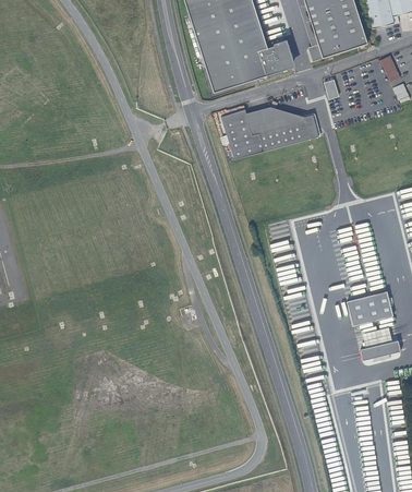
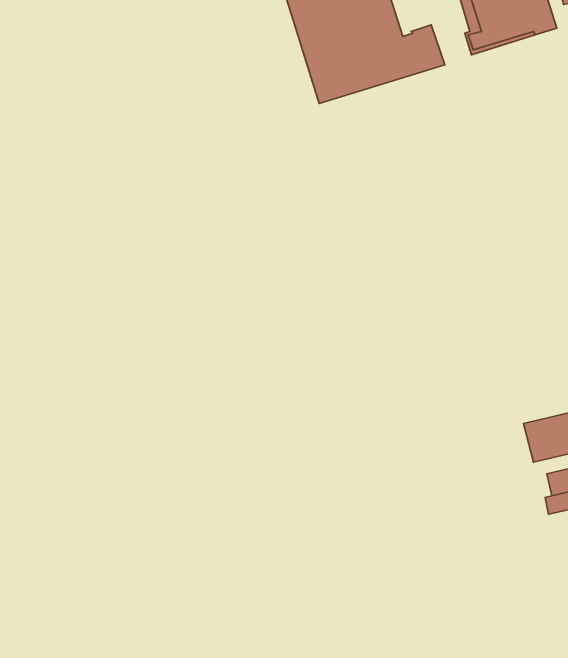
building: [221,107,318,160] -> none

